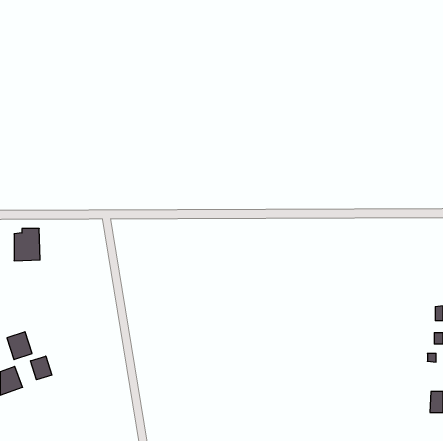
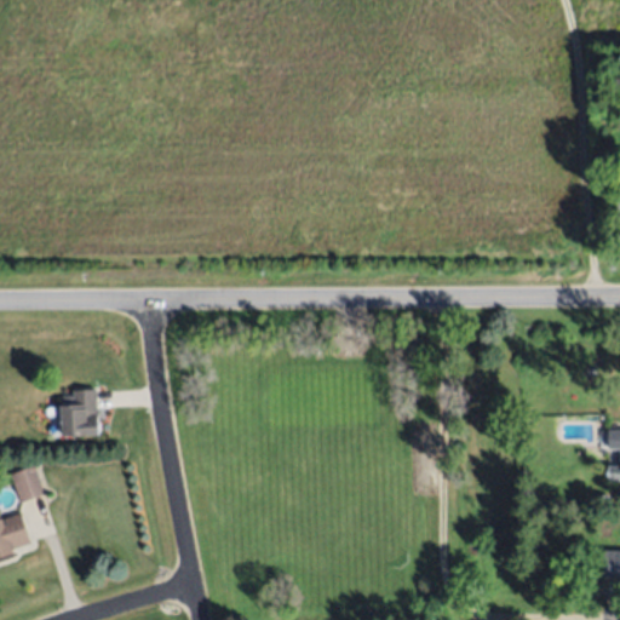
building: [14,229,40,261] -> [62,391,98,436]
building: [31,356,52,380] -> none

